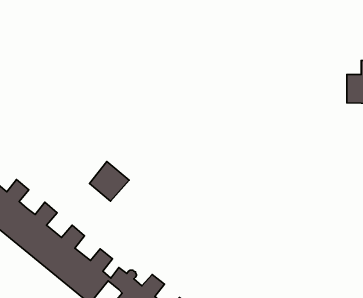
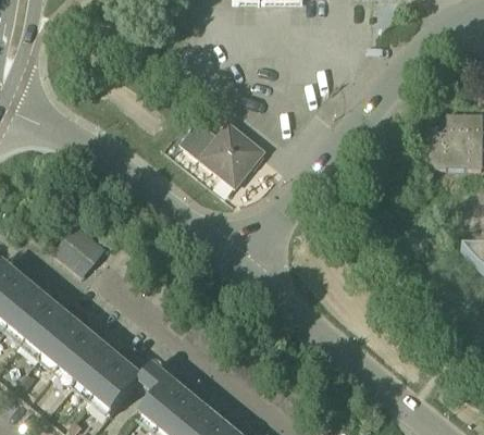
building: none -> [184,121,259,183]
building: [89,162,129,201] -> [55,225,104,274]

